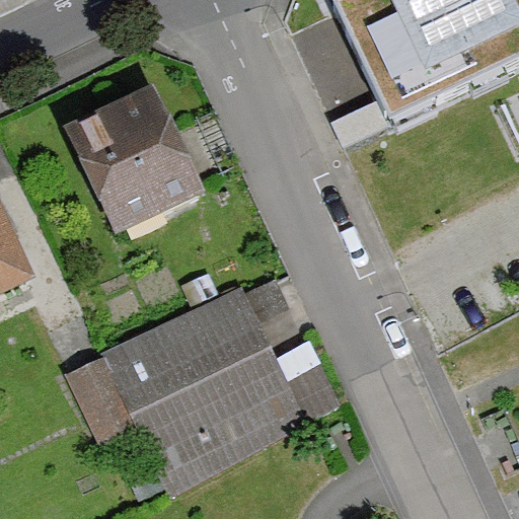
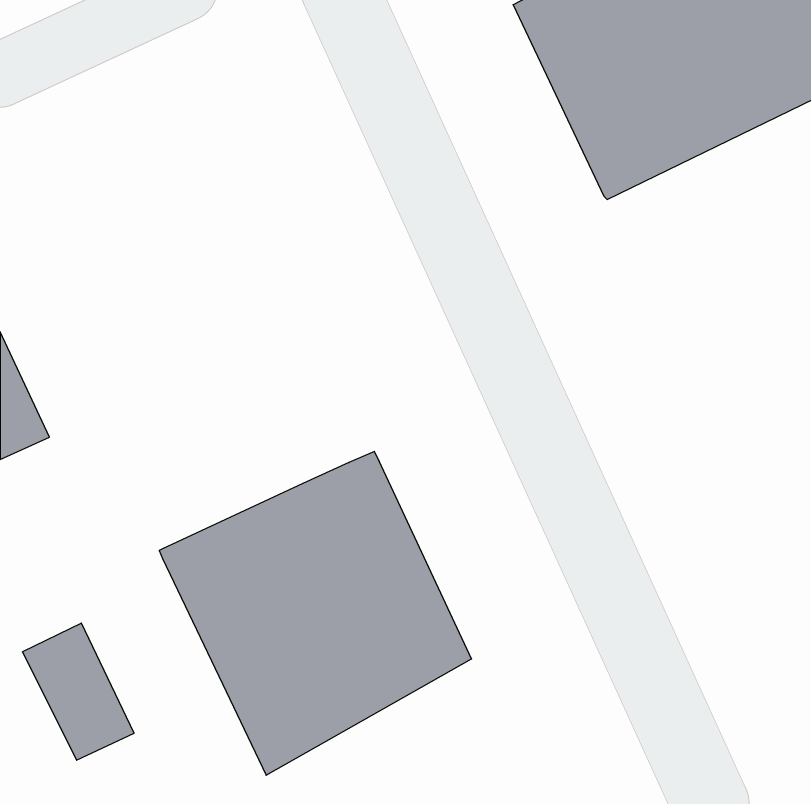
building: [66,86,205,230] -> none
building: [68,355,139,442] -> [22,623,134,760]

